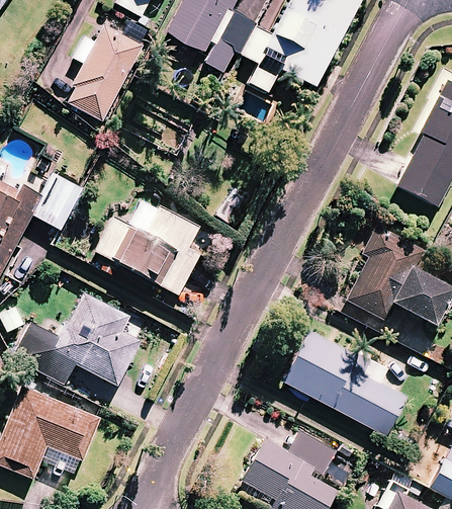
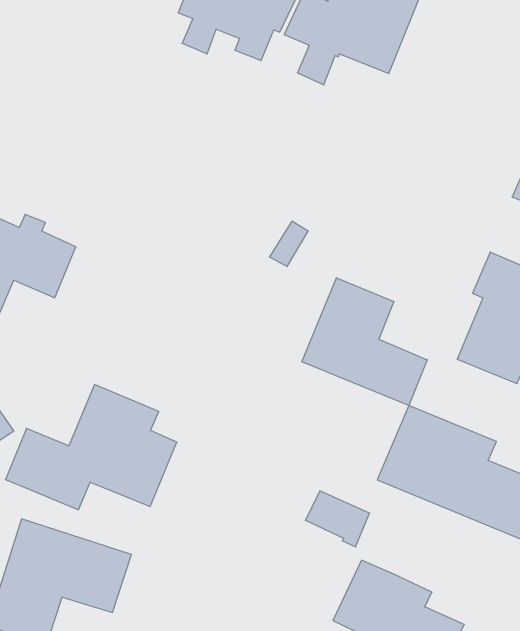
building: [70,24,144,121] -> none
building: [94,206,200,295] -> none
building: none -> [302,278,427,405]
building: [288,429,335,472] -> [305,491,370,547]

